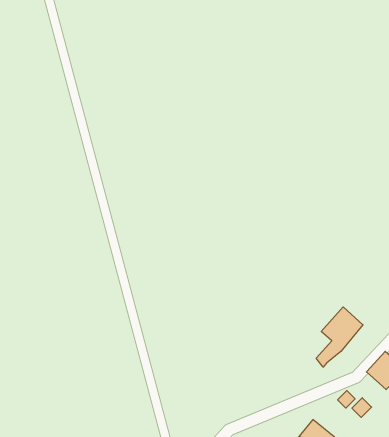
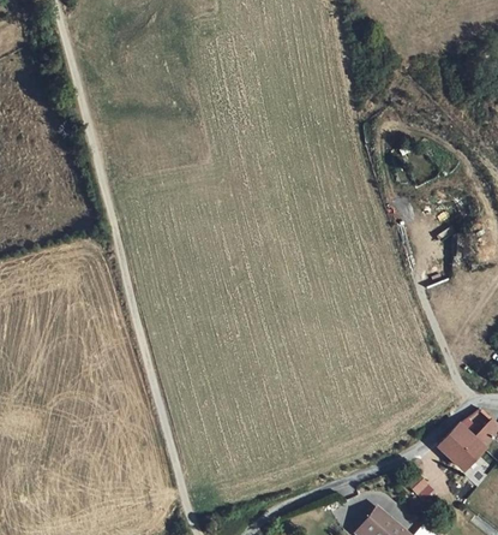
building: [316,307,363,367] -> none

